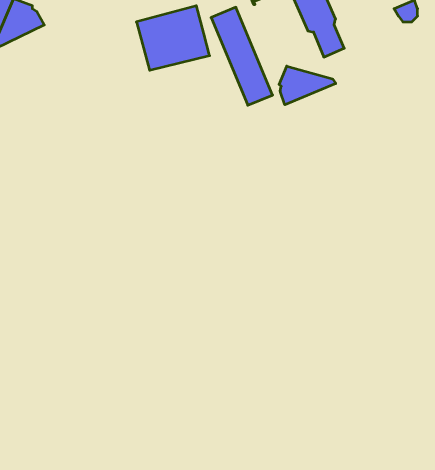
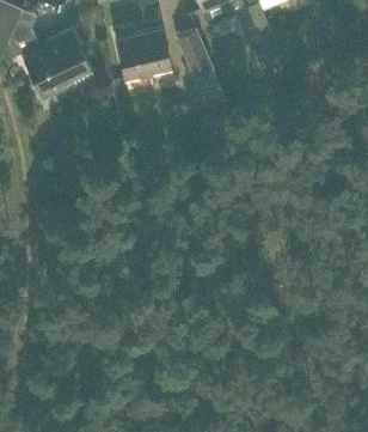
building: none -> [22,28,93,97]
building: [279,66,336,105] -> none

